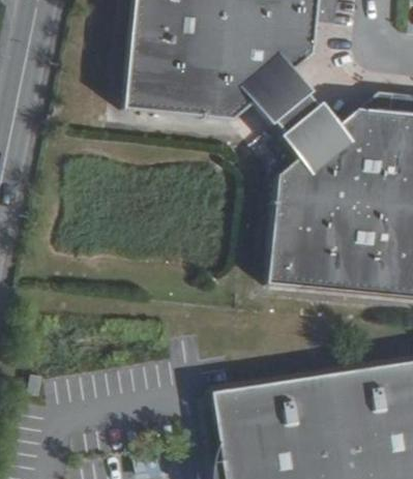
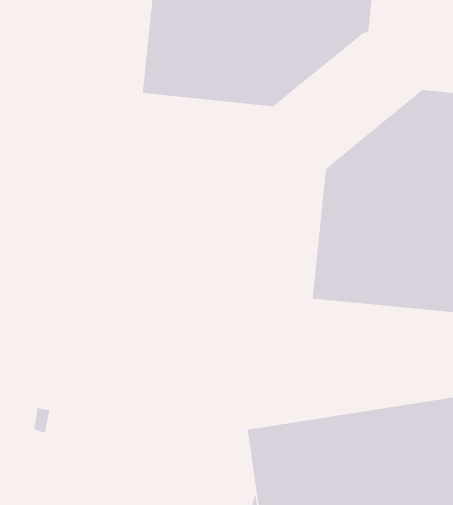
building: [252,70,342,159] -> none

